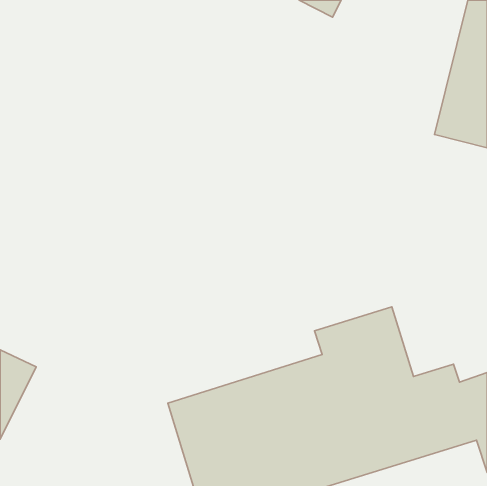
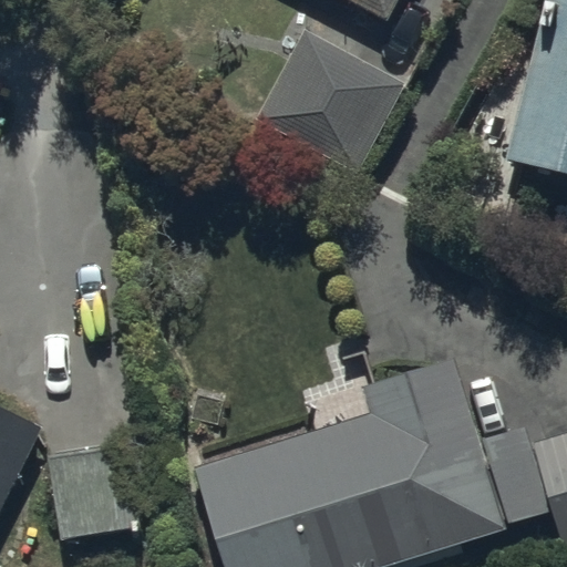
building: none -> [259,31,401,171]
building: none -> [51,445,147,537]

